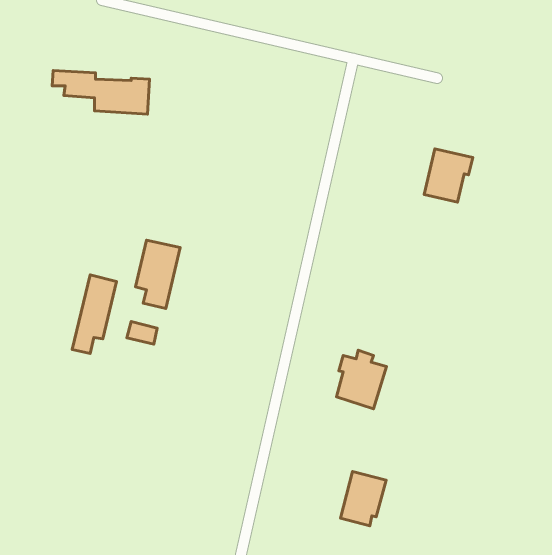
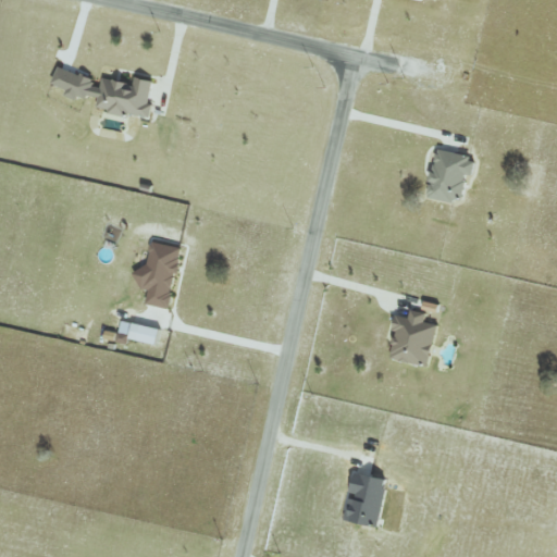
building: [72,275,116,354] -> none
building: [337,350,387,409] -> [387,309,437,368]

